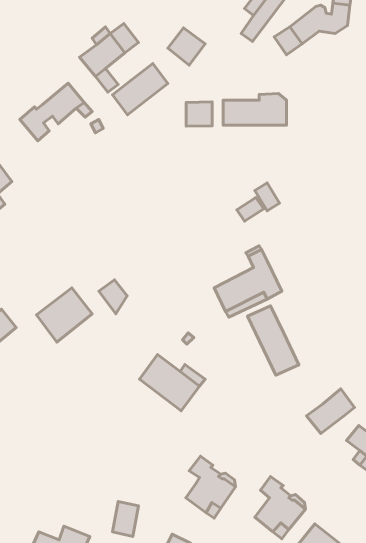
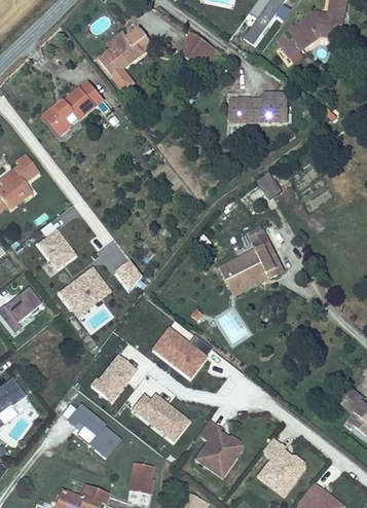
building: [113,63,168,115] -> none
building: [186,102,212,126] -> none
building: none -> [38,229,78,270]
building: [247,306,299,375] -> none
building: none -> [95,356,138,402]
building: [306,389,355,434] -> none
building: none -> [133,394,190,442]
building: none -> [62,403,121,460]

